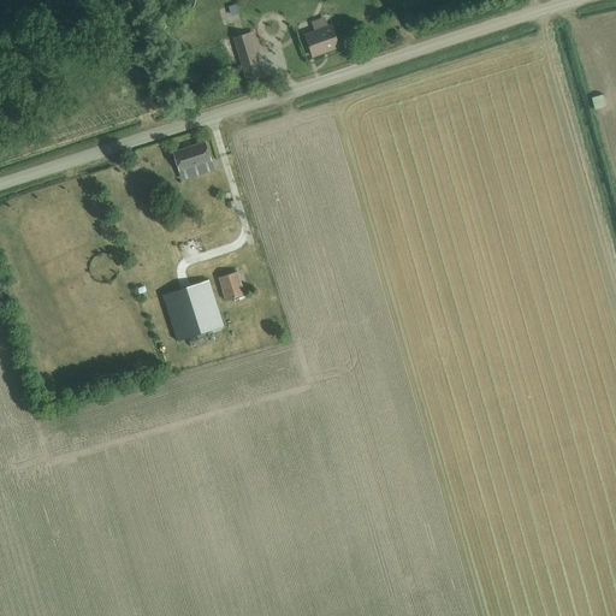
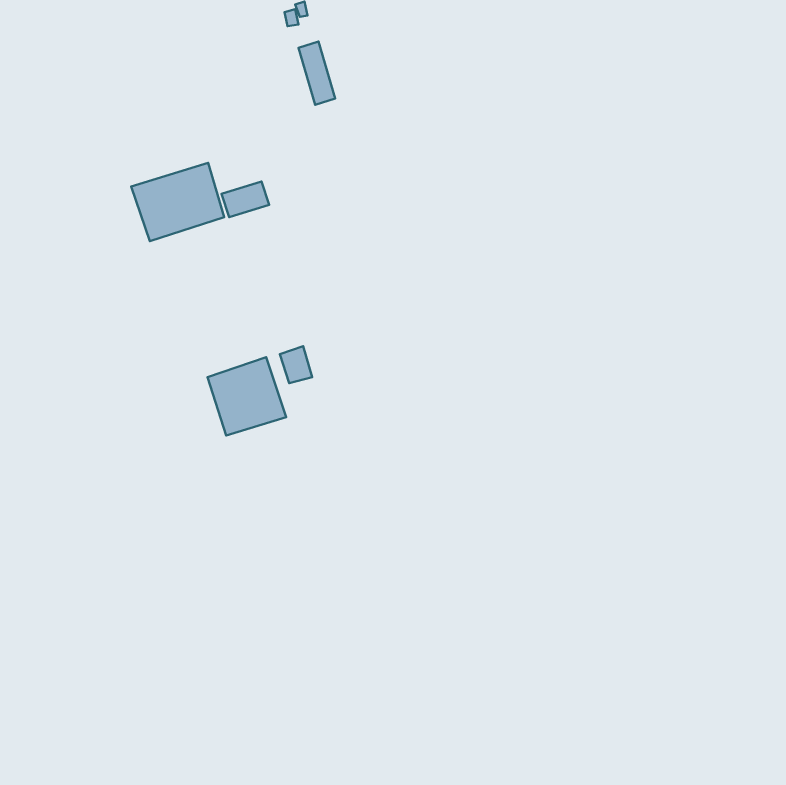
building: [304,17,338,57] -> none
building: none -> [131,163,224,241]

